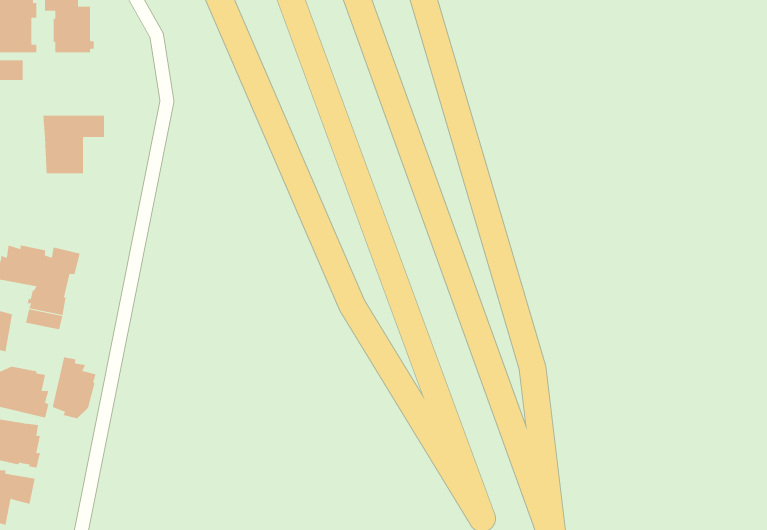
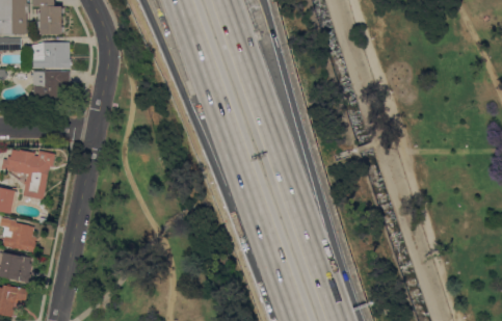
building: none -> [28,42,70,68]
building: [52,356,96,419] -> none

